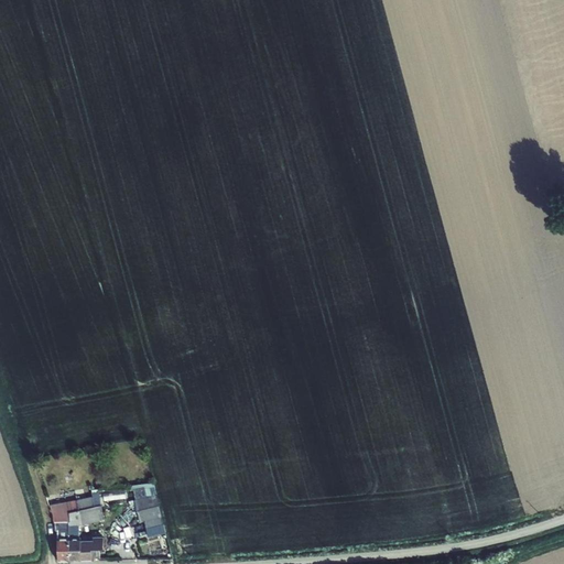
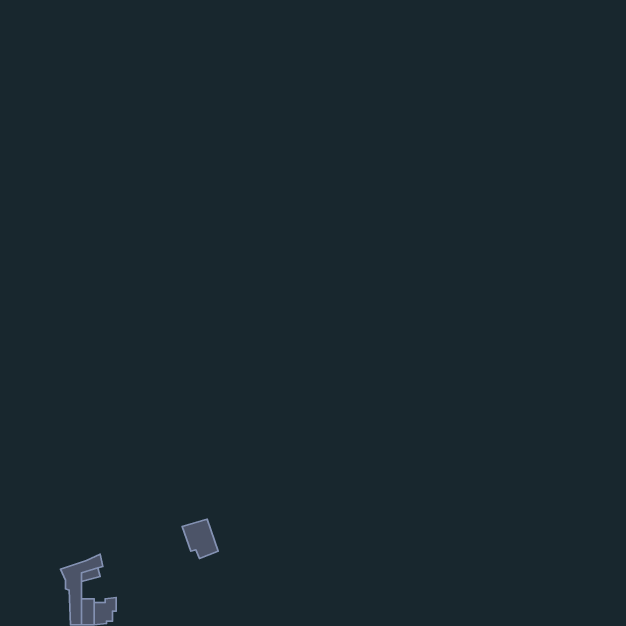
building: [129,492,161,528] -> [182,519,218,559]

